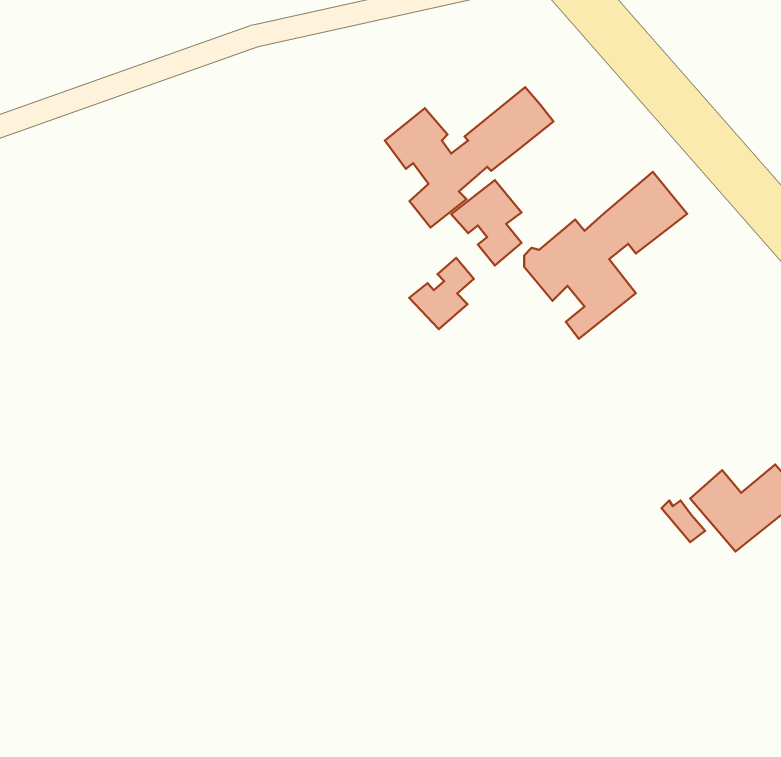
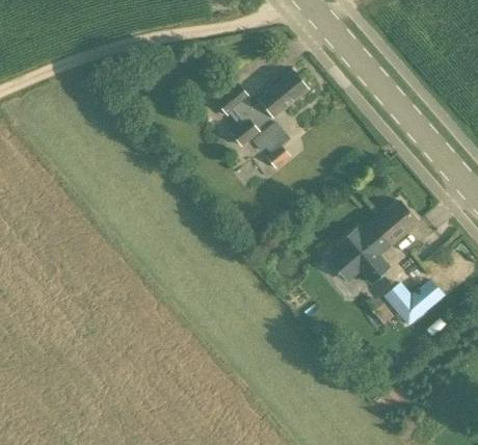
building: [524,172,687,339] -> [330,201,420,292]
building: [409,258,474,329] -> none

